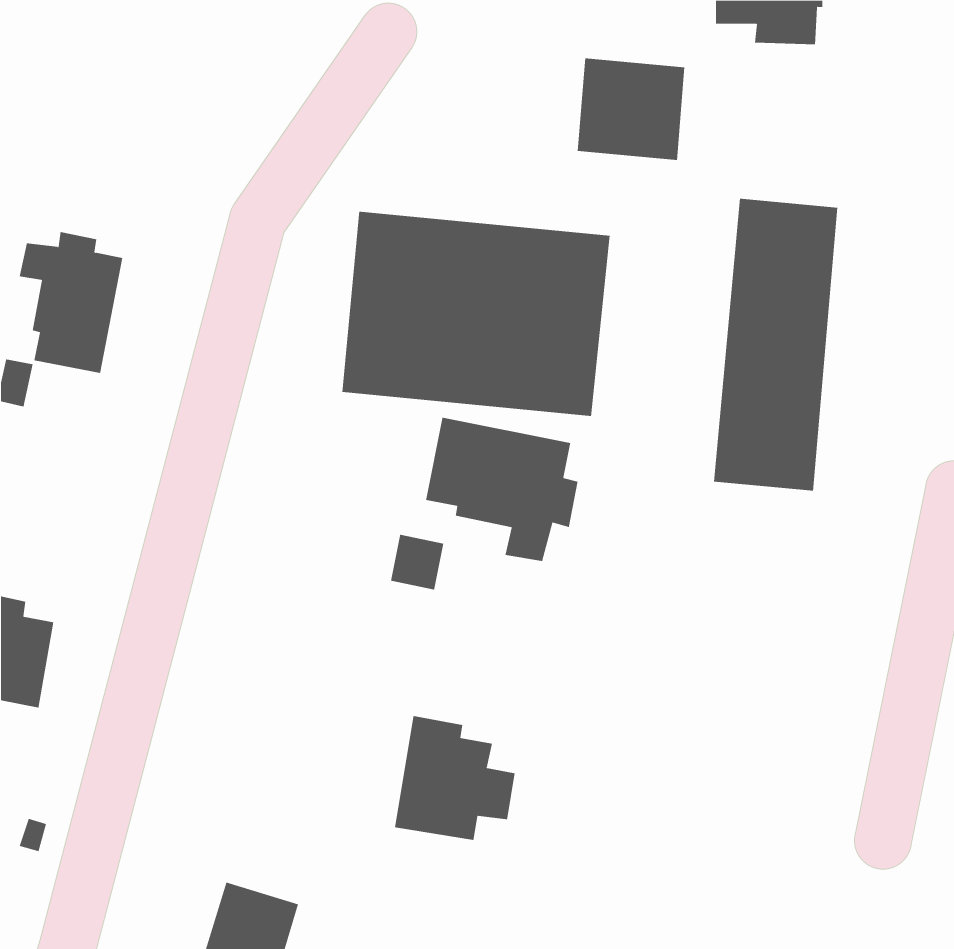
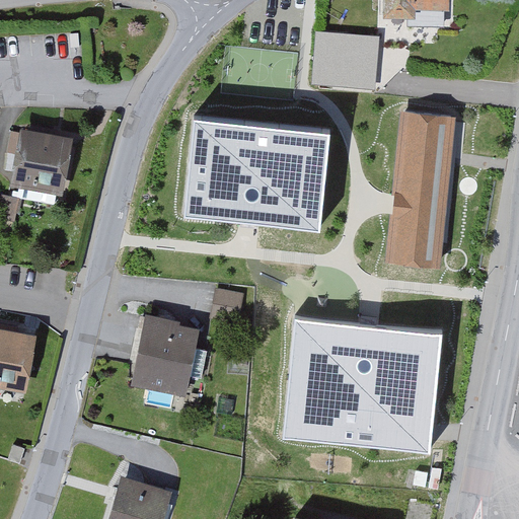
building: [426,417,578,562] -> none
building: none -> [283,314,439,448]
building: [394,715,515,841] -> [139,321,205,389]

